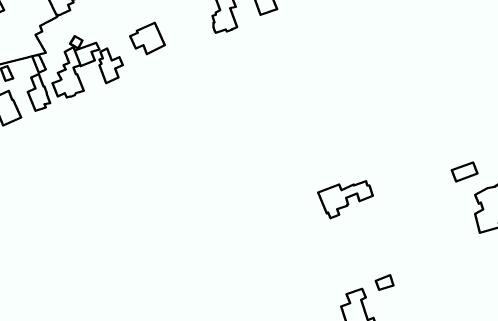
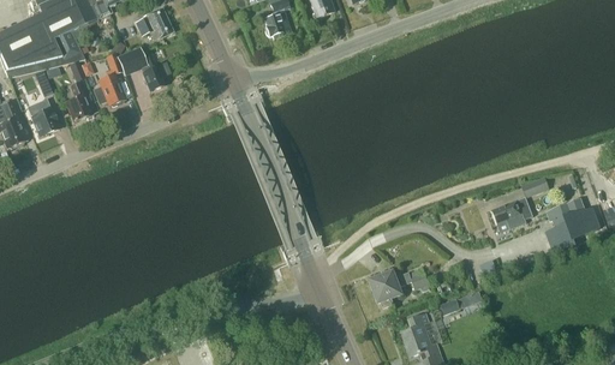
building: [130,23,165,54] -> [136,7,173,41]
building: [318,181,373,218] -> [370,268,429,307]
building: none -> [491,197,533,228]

